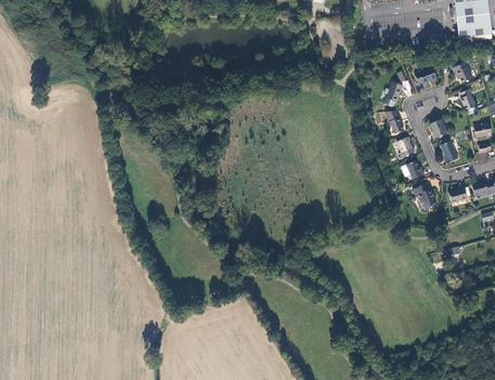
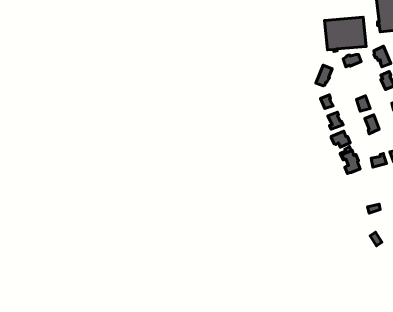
building: none -> [325,17,366,52]

